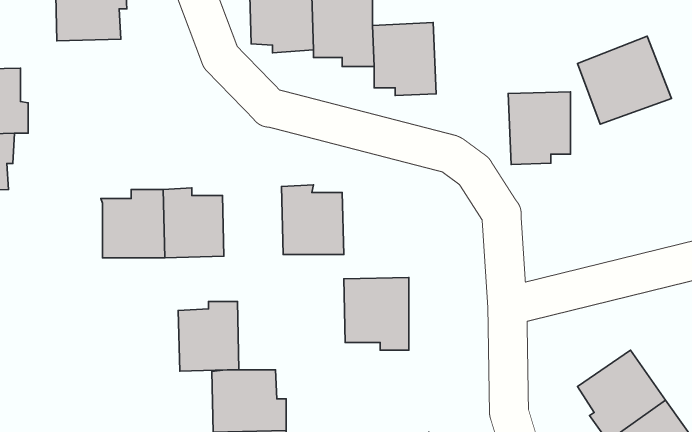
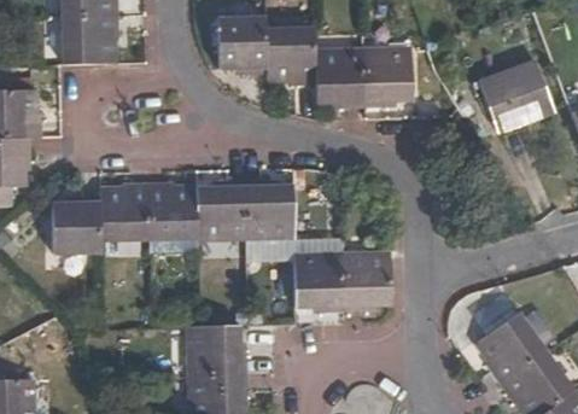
building: [508,92,570,165] -> [363,49,413,107]
building: none -> [51,194,101,250]
building: none -> [344,253,392,311]
building: [178,301,239,371] -> [195,181,244,237]

